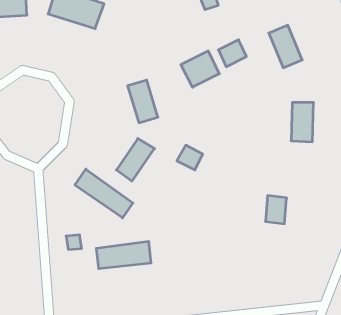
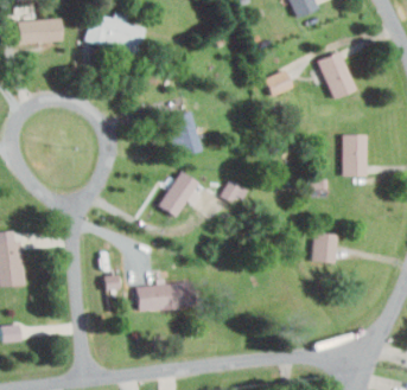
building: [181,51,219,87] -> none
building: [75,169,133,218] -> none

